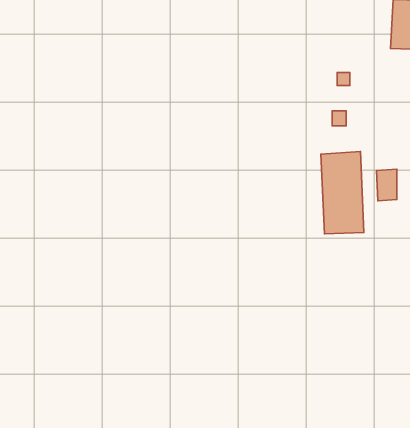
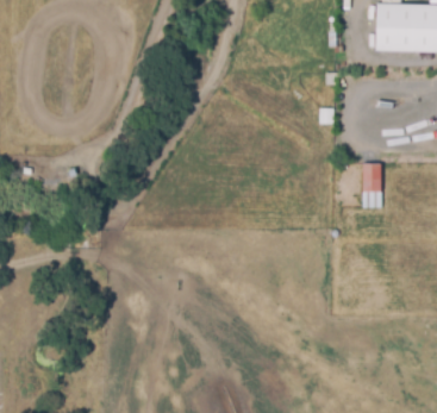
building: [321,151,364,234] -> none

